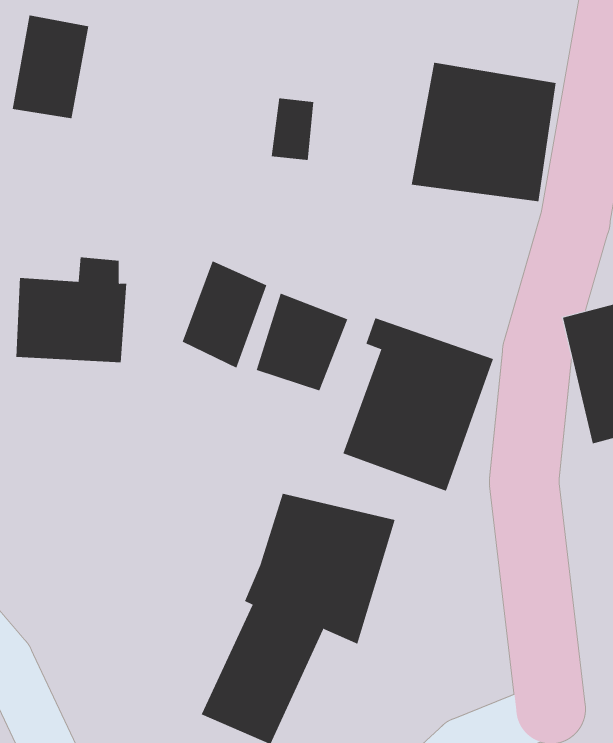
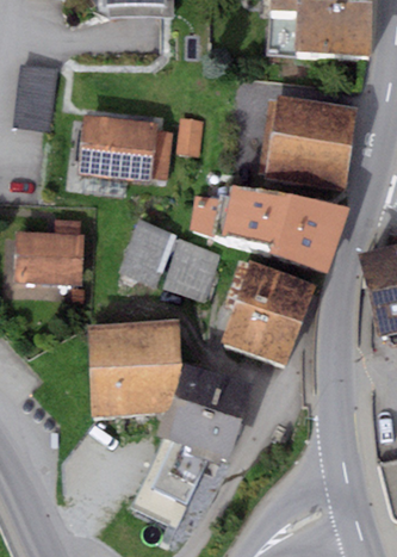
building: none -> [76,115,173,182]
building: none -> [191,186,348,271]
building: none -> [89,320,182,416]

